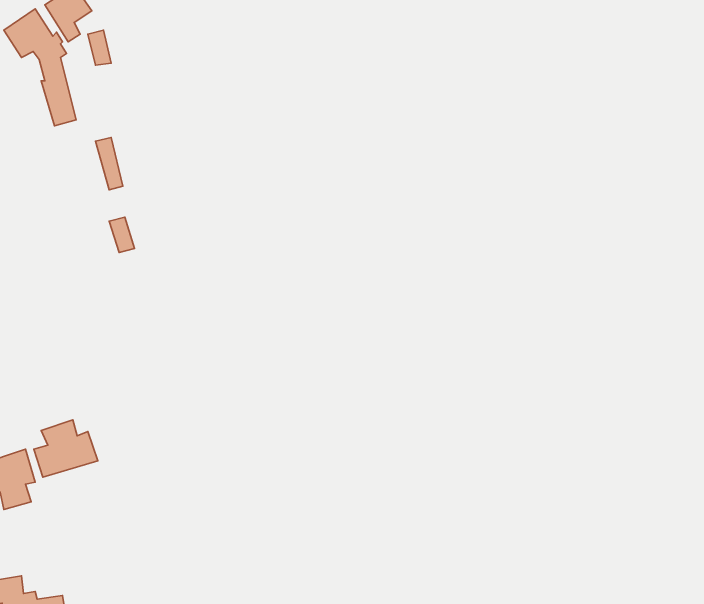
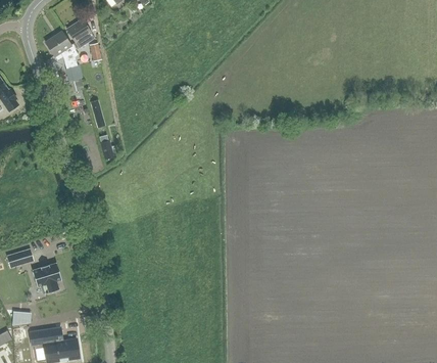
building: [34,420,98,477] -> none

